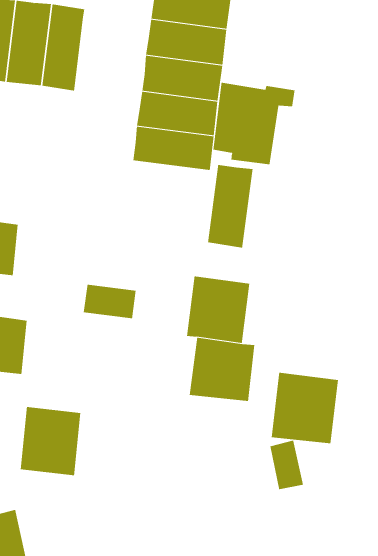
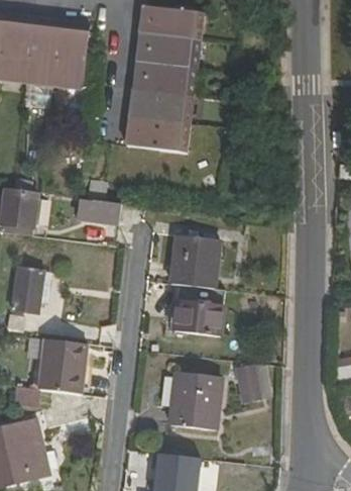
building: [213,82,295,165] -> none
building: [208,164,253,248] -> none
building: [83,284,137,319] -> [77,197,119,224]
building: [271,372,339,444] -> [167,373,221,429]

